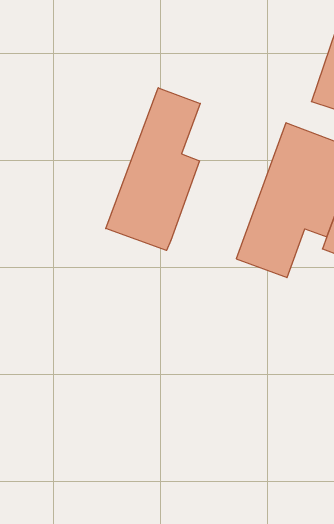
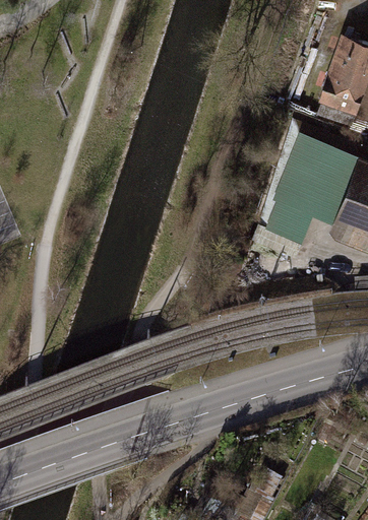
building: [106,88,200,250] -> none

